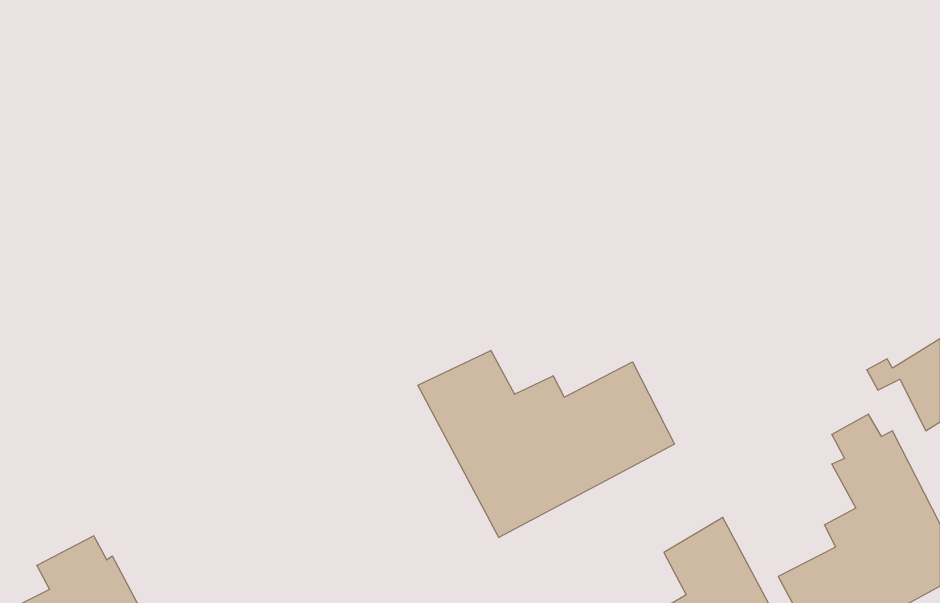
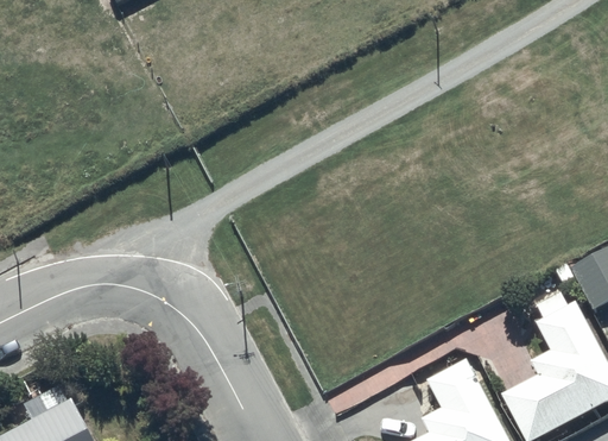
building: [418,350,675,538] -> none

